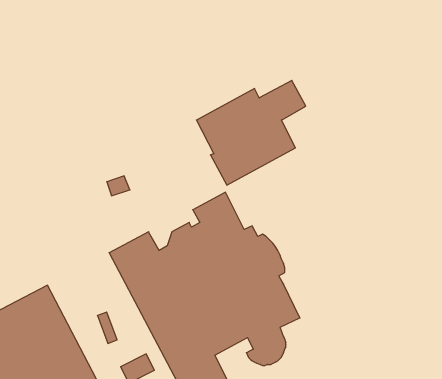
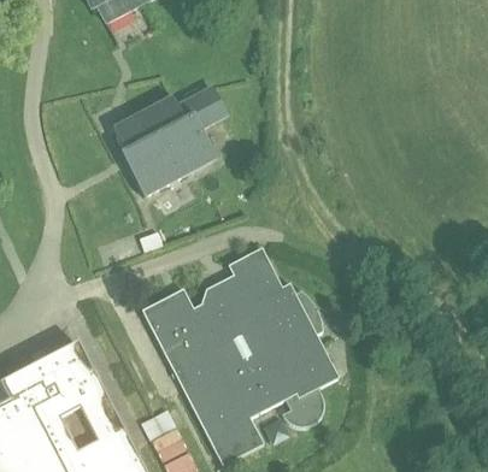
building: [196,80,306,185] -> [112,87,225,195]

